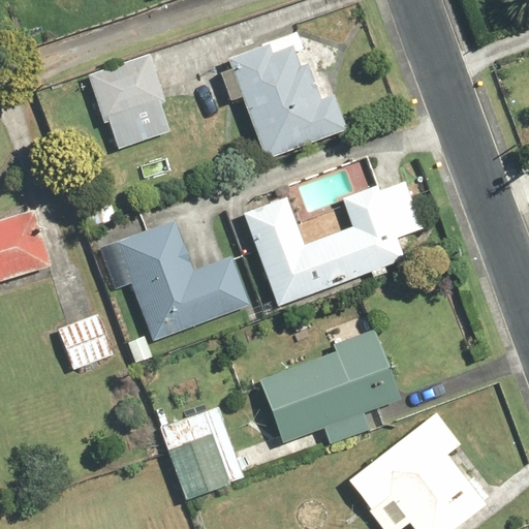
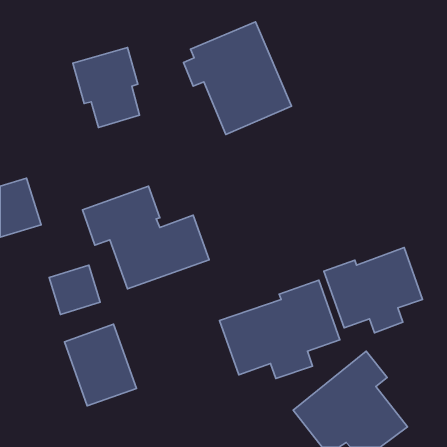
building: [245,182,424,307] -> none
building: none -> [324,248,422,333]
building: [160,407,245,503] -> [64,324,136,406]

